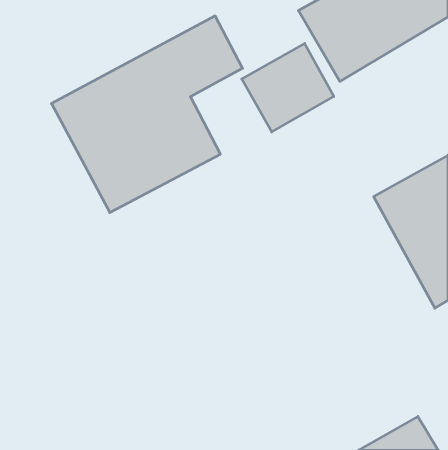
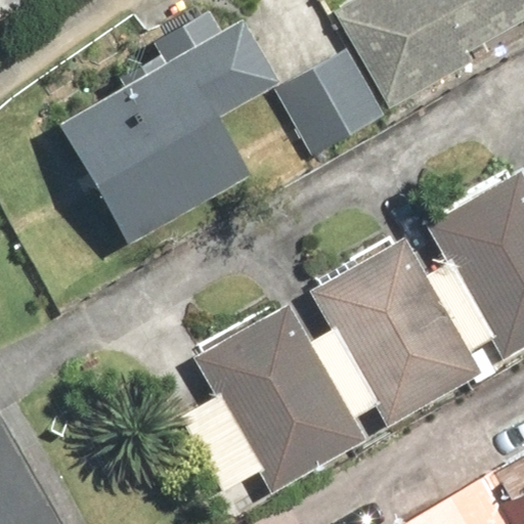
building: none -> [320,238,488,420]
building: none -> [193,305,360,486]

